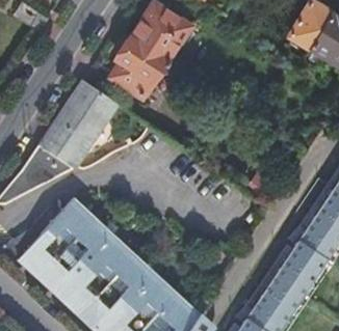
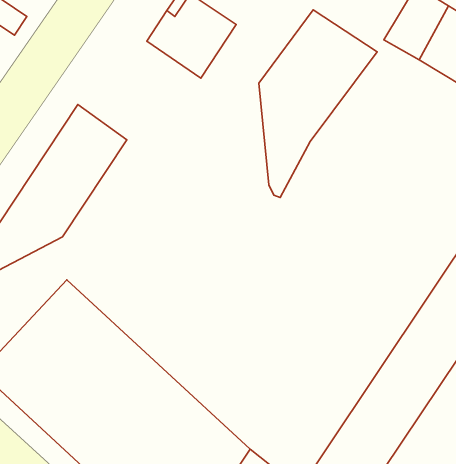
building: none -> [259,10,377,198]
building: [110,36,165,98] -> none

